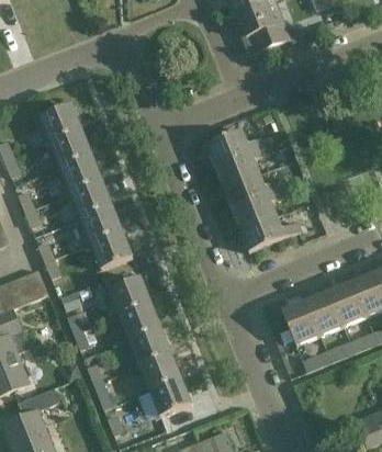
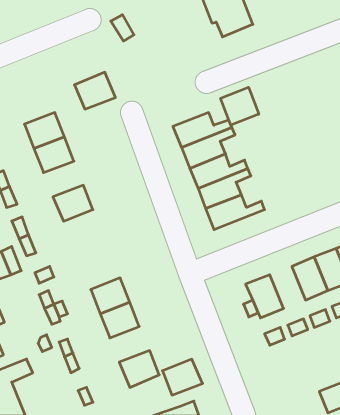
building: none -> [221,87,259,125]
building: [40,104,82,143] -> [74,72,115,109]
building: [70,181,112,218] -> none
building: [91,231,133,270] -> none
building: [109,276,150,315] -> none
building: [306,291,344,335] -> none
building: [139,353,181,391] -> [162,359,203,395]

